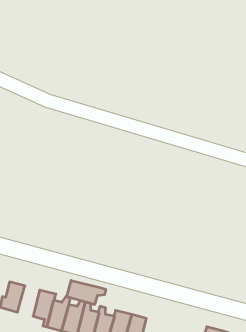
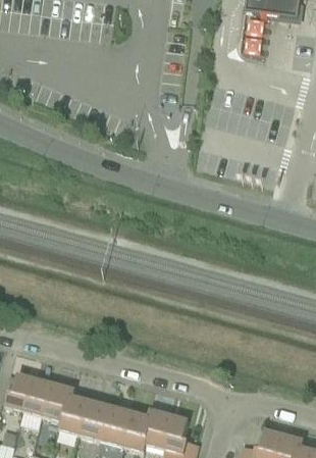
building: [67,280,106,305] -> none
building: none -> [27,378,54,416]

